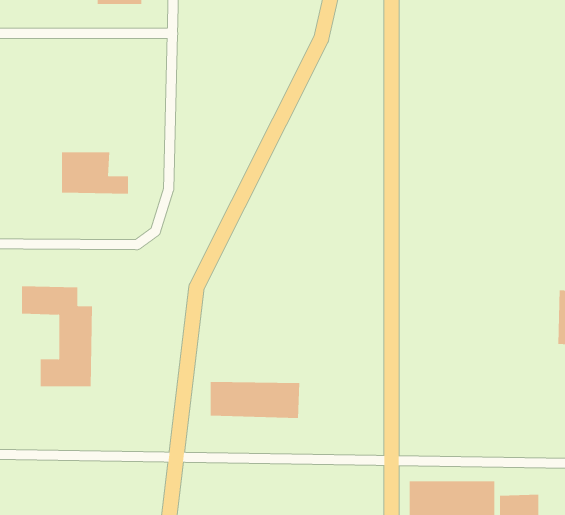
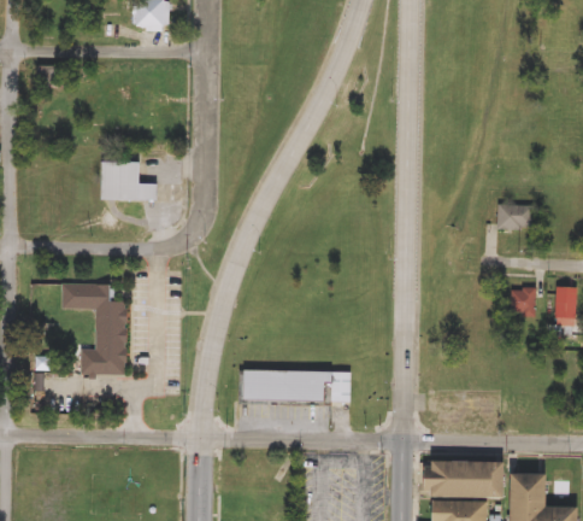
building: none -> [494,205,526,229]
building: none -> [508,289,534,317]
building: none -> [325,371,347,403]

